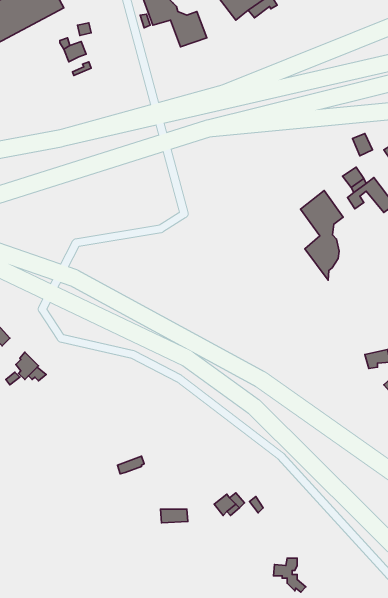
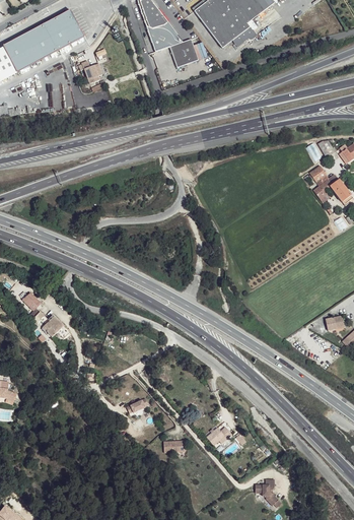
building: [300,190,343,280] -> none

